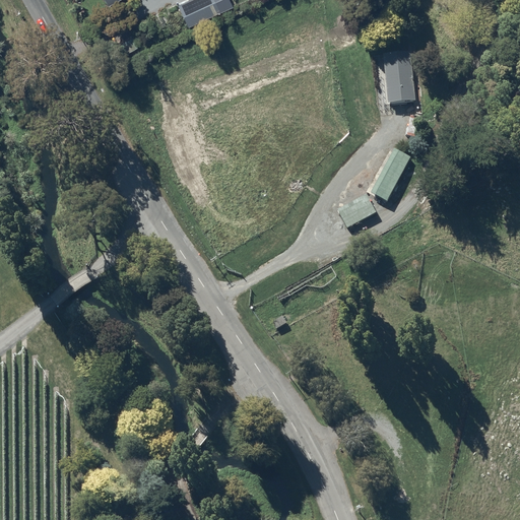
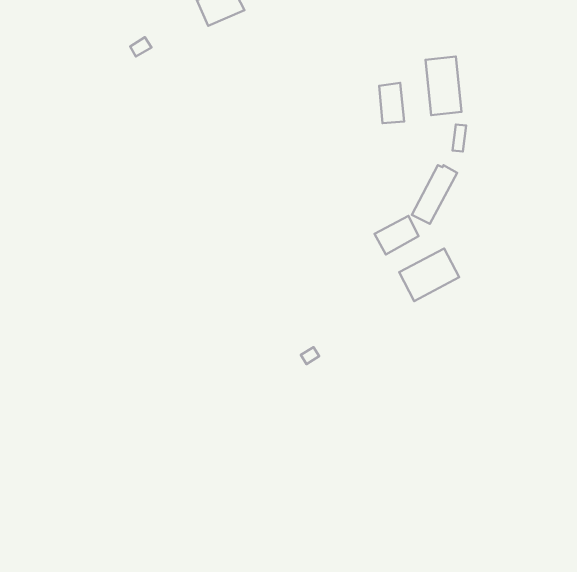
building: none -> [379,83,404,123]
building: none -> [399,248,459,301]

